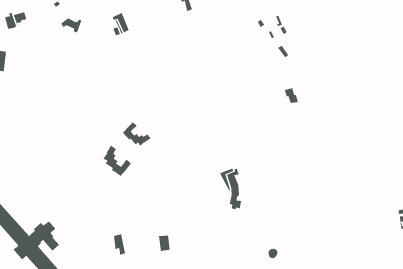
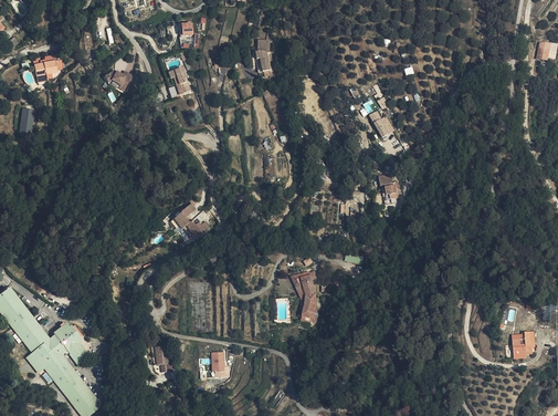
building: [103,145,132,177] -> none

